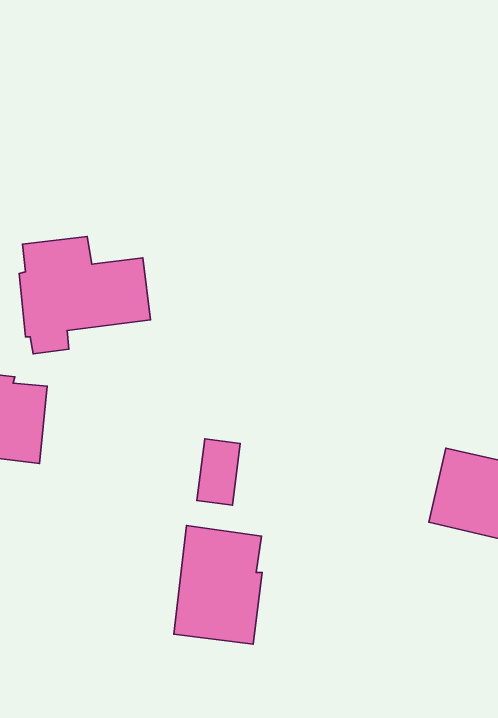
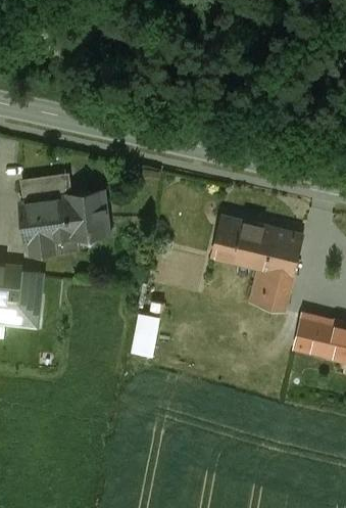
building: none -> [212,216,303,312]
building: [174,525,262,644] -> none

